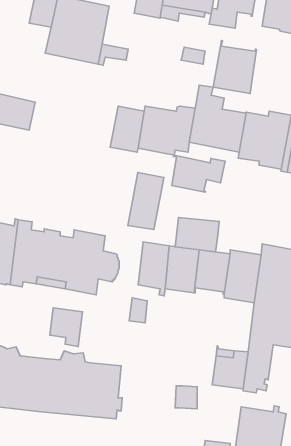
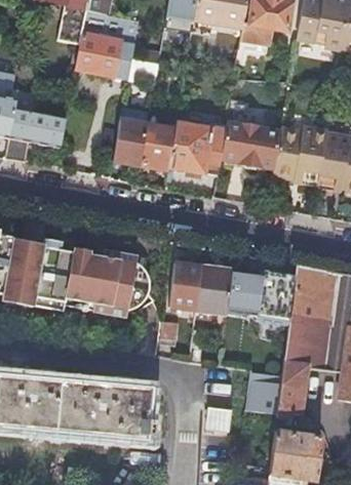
building: [213,41,257,93] -> none
building: [172,155,225,192] -> none
building: [128,173,164,229] -> [114,106,151,164]
building: [175,218,219,252] -> none
building: [50,308,82,347] -> none

